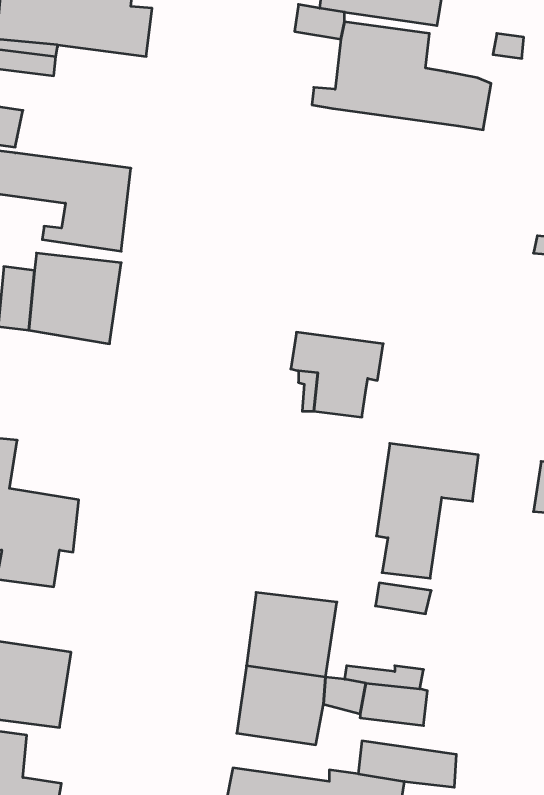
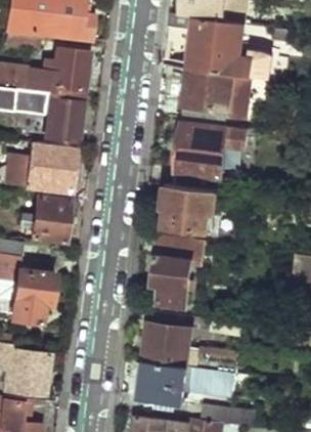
building: none -> [20,48,89,97]
building: none -> [183,66,256,119]
building: none -> [177,123,253,177]
building: none -> [29,196,69,241]
building: [376,443,478,578] -> [154,234,209,306]

